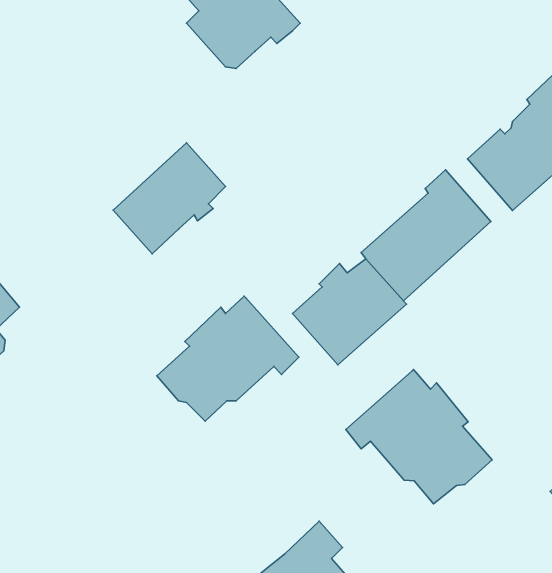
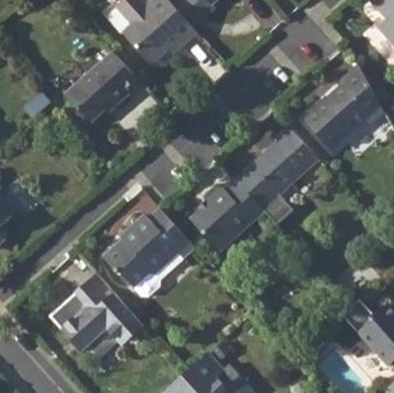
building: [113,143,226,254] -> [64,50,137,122]
building: [346,370,492,504] -> none
building: none -> [49,275,139,358]

